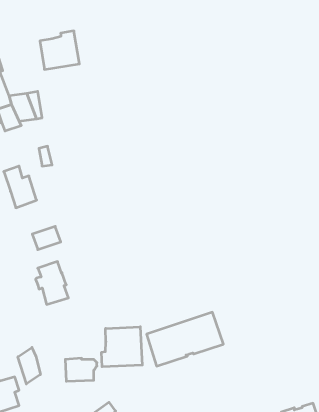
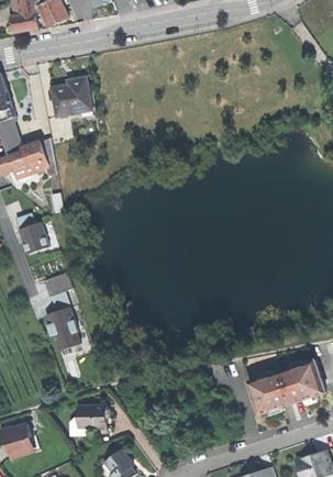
building: [147,312,223,366] -> [247,359,324,413]
building: [102,327,142,367] -> none
building: [18,347,40,384] -> none

